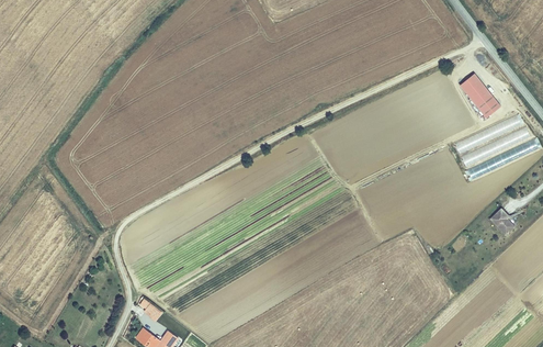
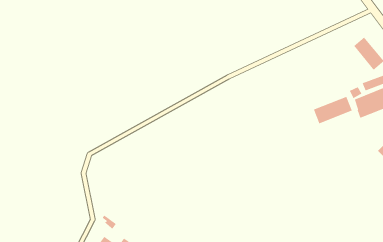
building: none -> [313,96,353,124]

